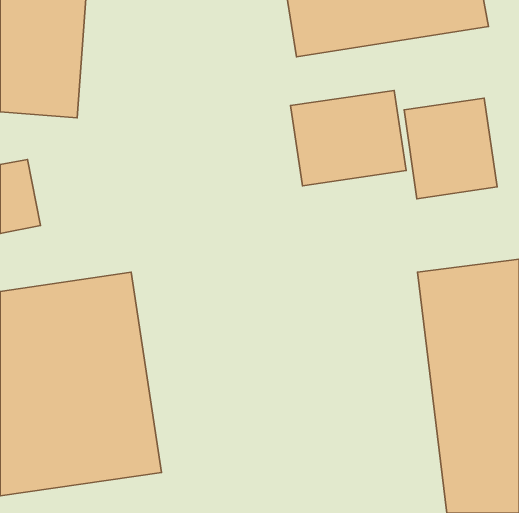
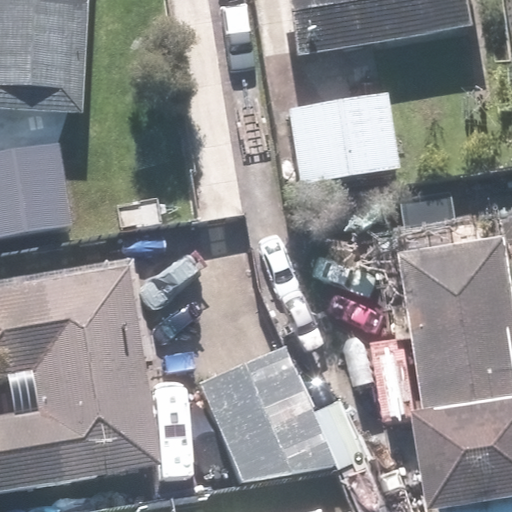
building: [404,98,497,199] -> none
building: none -> [194,345,334,485]

